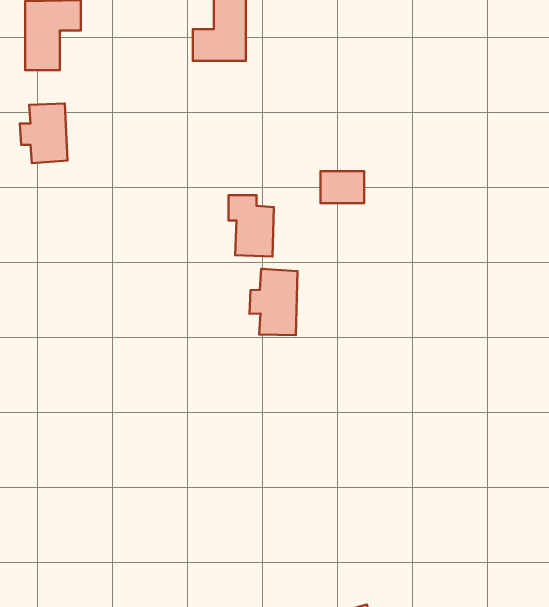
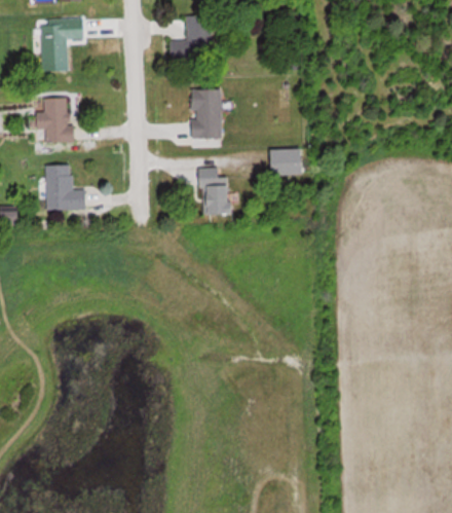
building: none -> [190,89,222,138]
building: none -> [45,164,85,209]
building: [250,269,297,335] -> none

